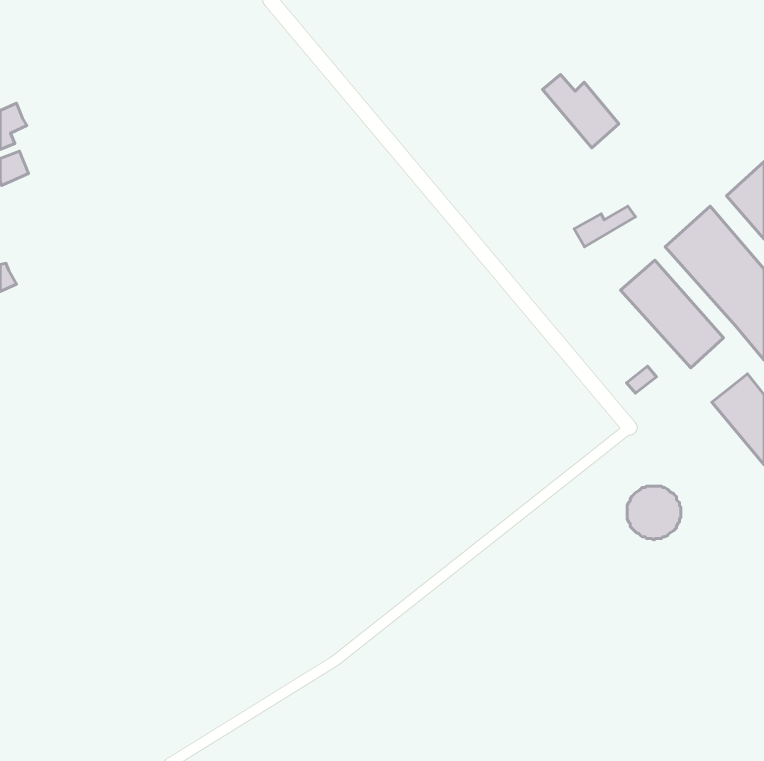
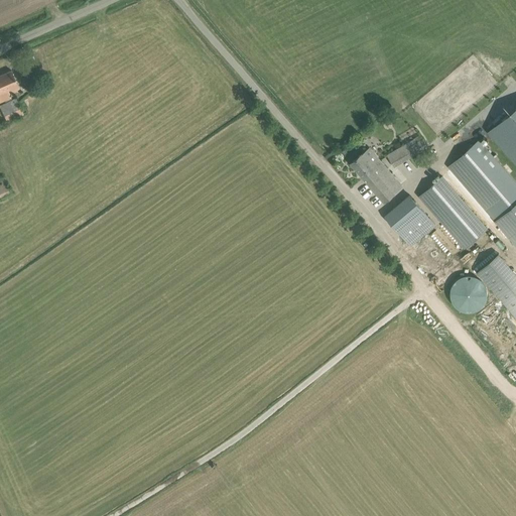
building: [542,75,619,148] -> [351,154,402,204]
building: none -> [385,196,436,247]
building: [627,486,681,540] -> [453,275,489,311]

